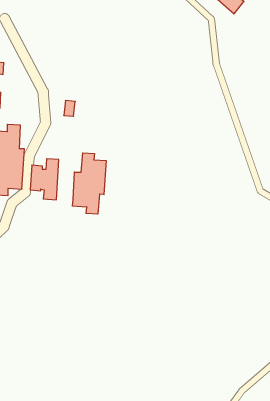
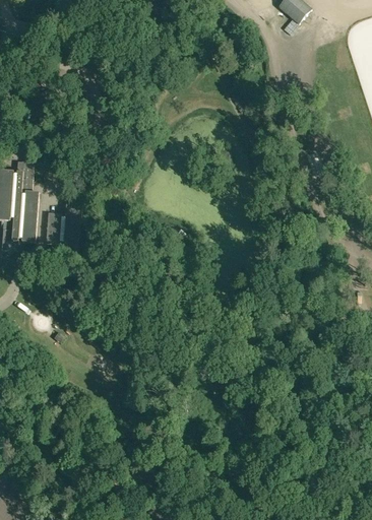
building: [72,153,106,214] -> none

